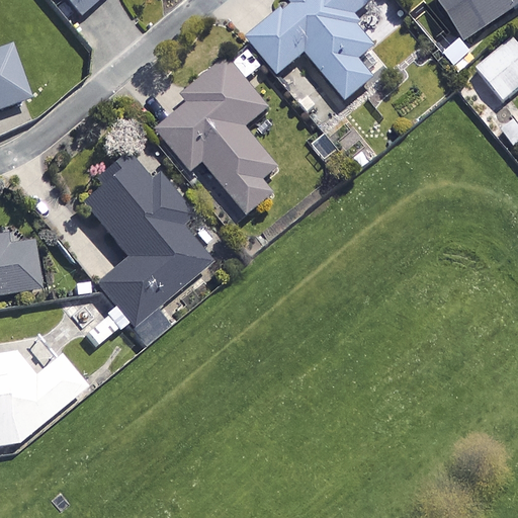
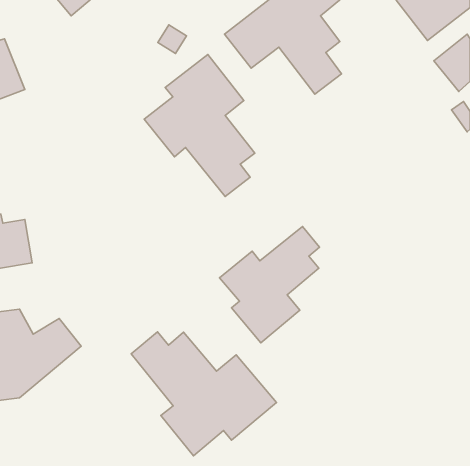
building: [81,144,214,338] -> none
building: none -> [220,227,320,343]
building: none -> [131,332,276,456]

